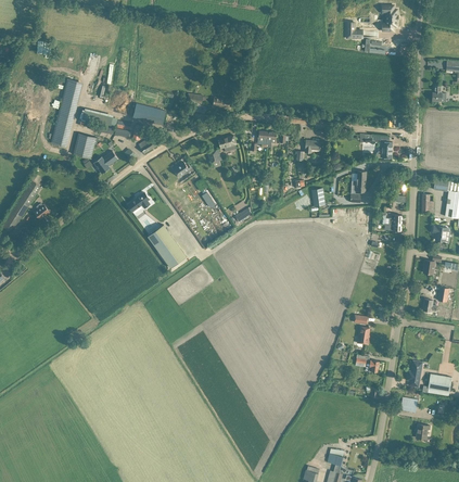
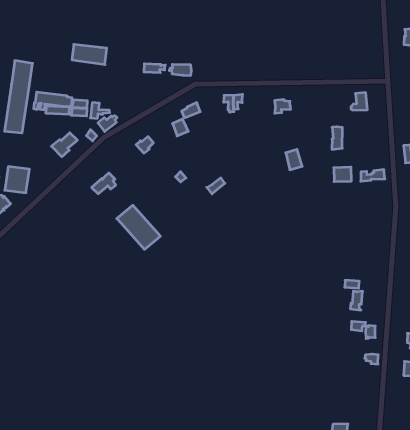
building: [132,103,166,125] -> [72,44,107,65]
building: [73,132,98,158] -> [5,167,29,193]

